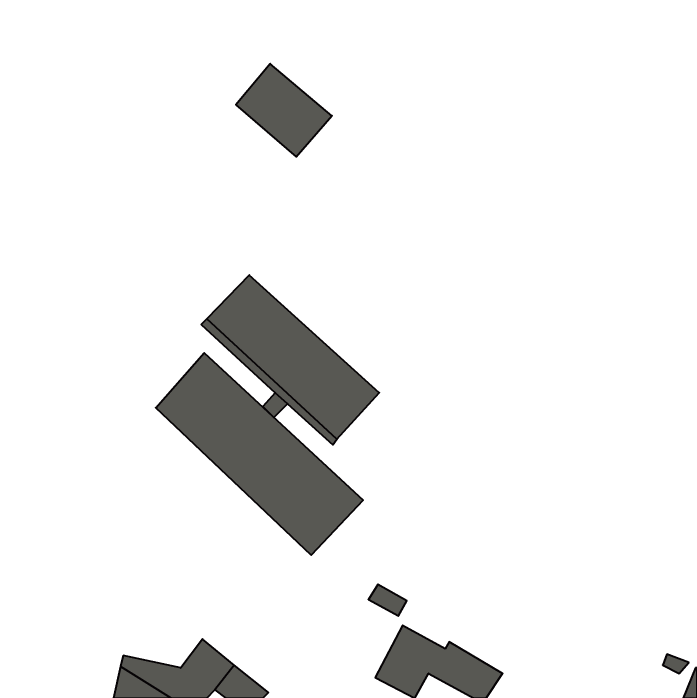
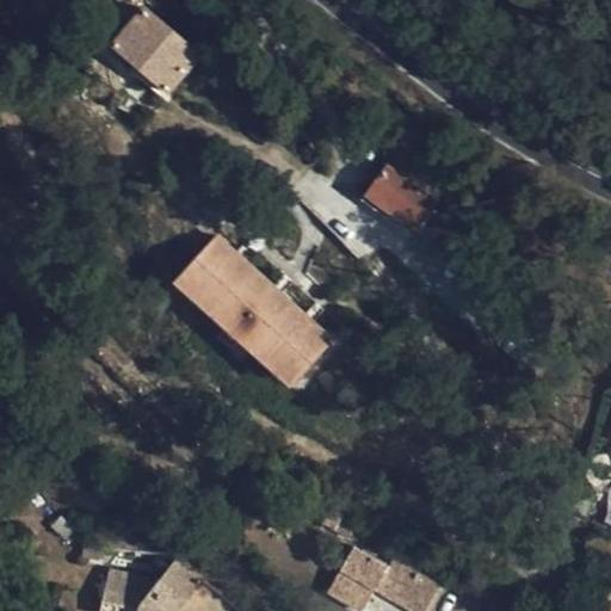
building: [236,64,332,157] -> [113,12,197,93]
building: none -> [365,167,436,233]
building: [156,353,363,555] -> none

